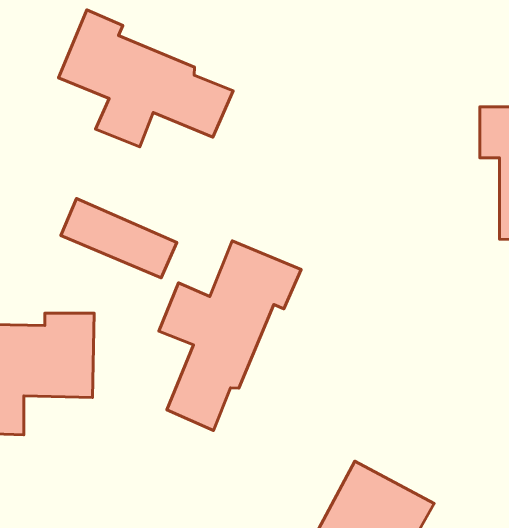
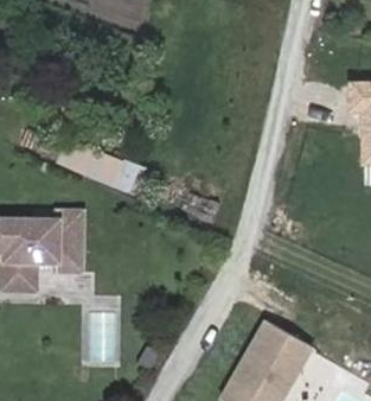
building: [59,10,233,147] -> none
building: [159,241,301,431] -> none

